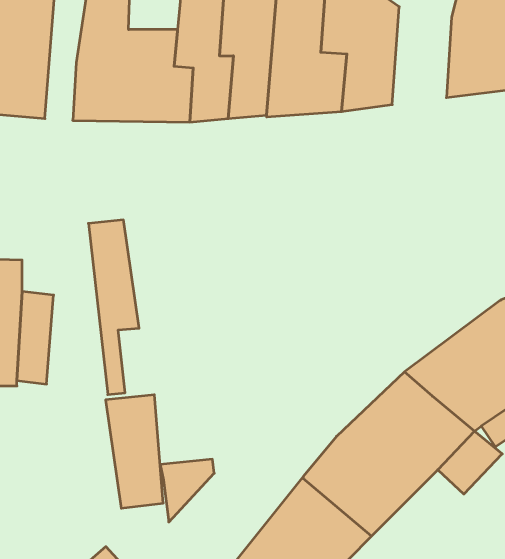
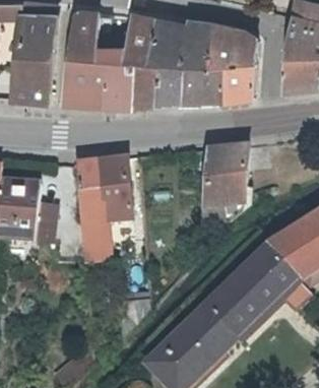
building: none -> [196,144,246,207]
building: [106,395,163,508] -> [93,157,127,223]

